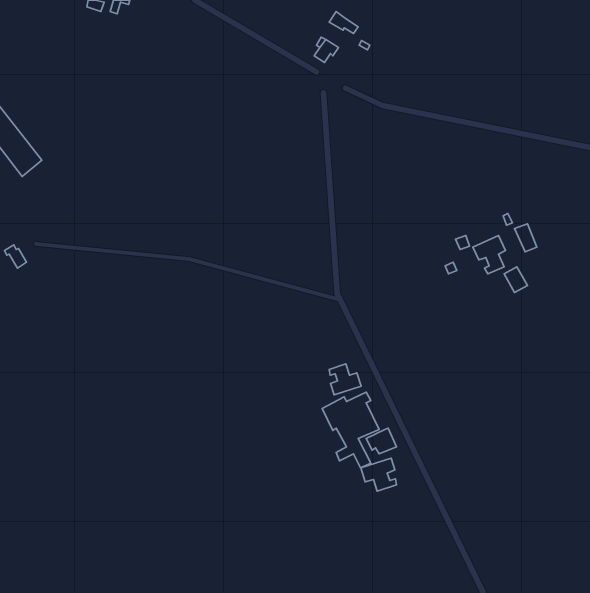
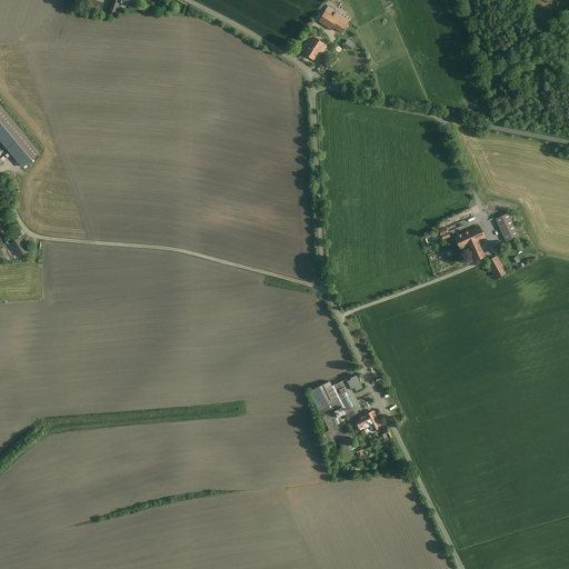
building: [329,364,361,395] -> none
building: [361,458,396,491] -> none

